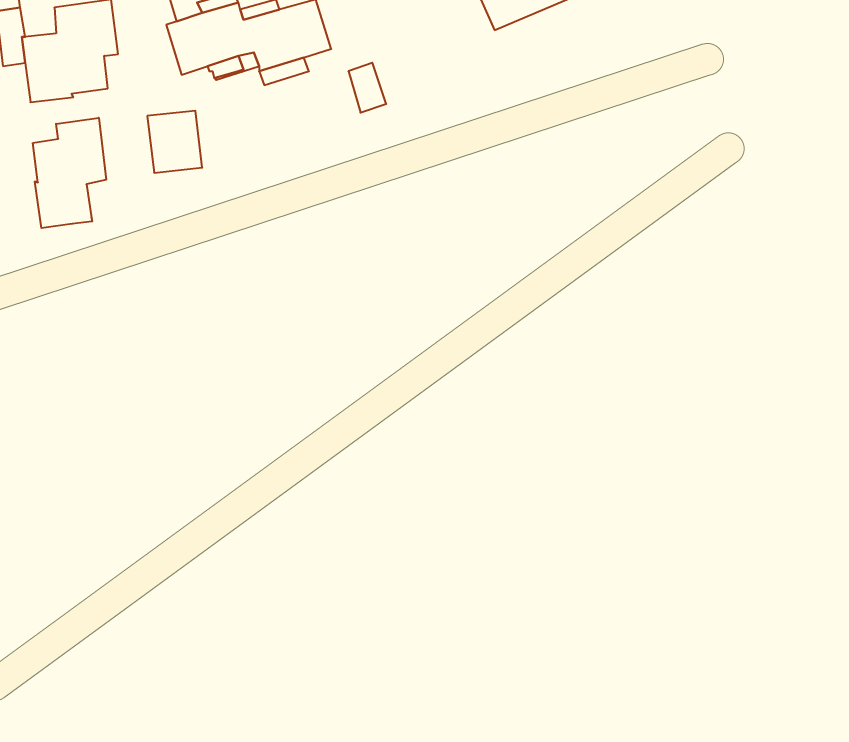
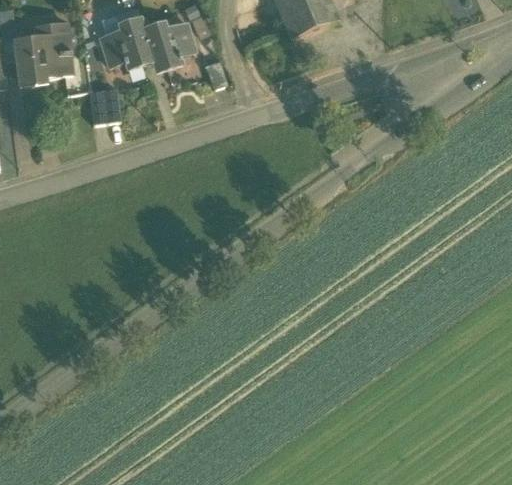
building: [33,118,106,228] -> none

